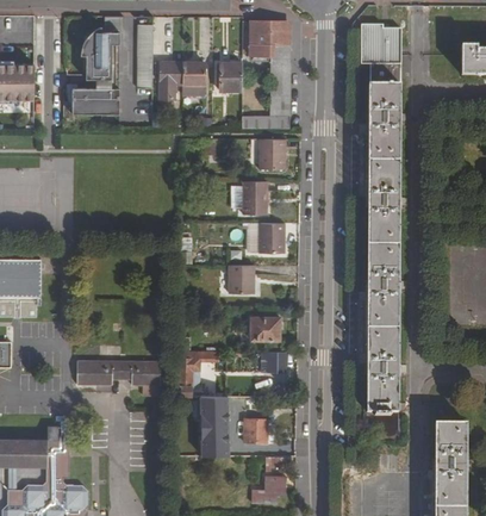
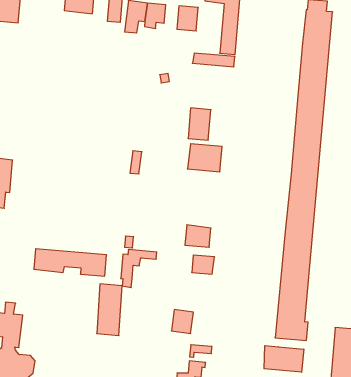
building: [67,83,120,113] -> none
building: [260,141,286,170] -> none
building: [230,263,255,292] -> none
building: [201,396,229,454] -> [97,284,122,336]
building: none -> [264,346,304,372]

